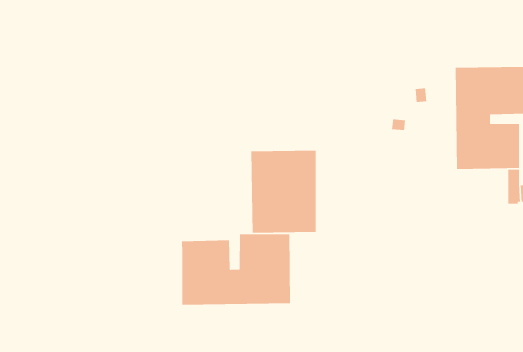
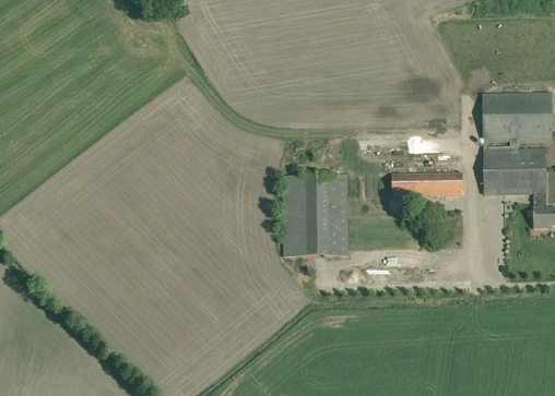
building: none -> [392,171,463,195]
building: [181,234,291,305] -> none

